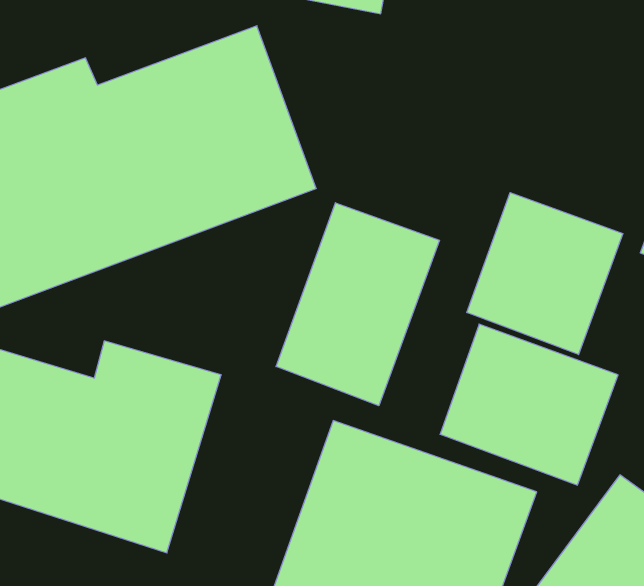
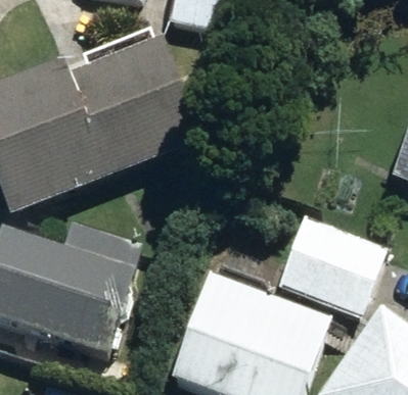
building: [467,193,623,355] -> none
building: [276,203,439,406] -> none

